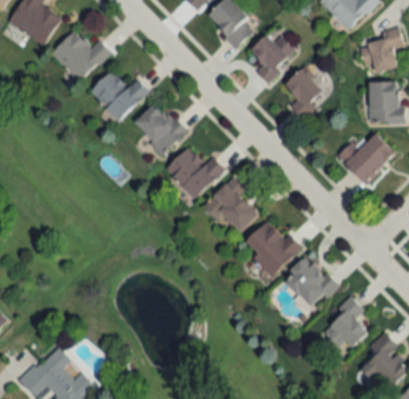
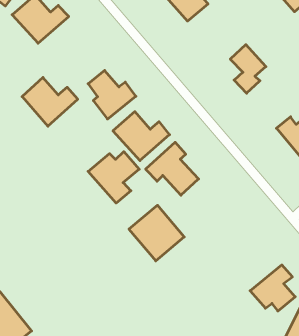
building: [251,35,296,82] -> none
building: [89,70,148,121] -> [22,77,78,126]
building: none -> [88,152,139,203]
building: [241,218,300,277] -> [129,205,184,261]
building: [282,256,336,309] -> none

